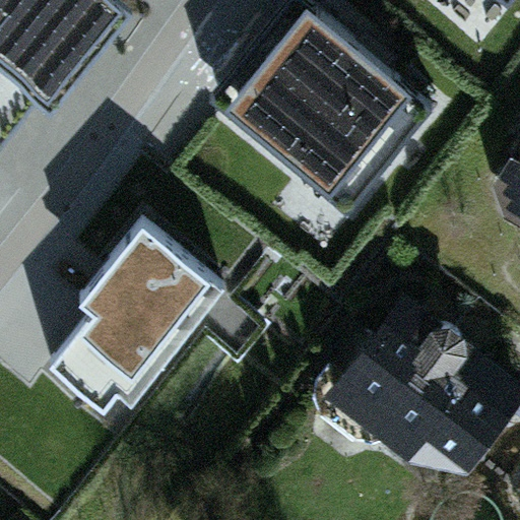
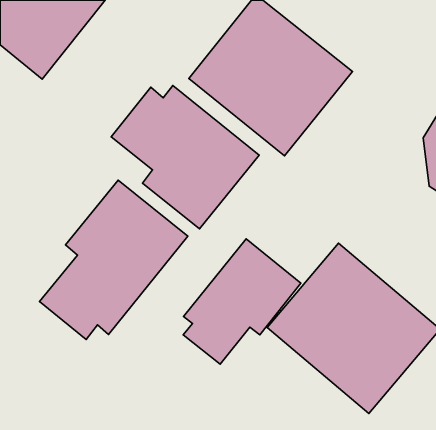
building: none -> [111,86,259,229]
building: none -> [183,239,301,364]

